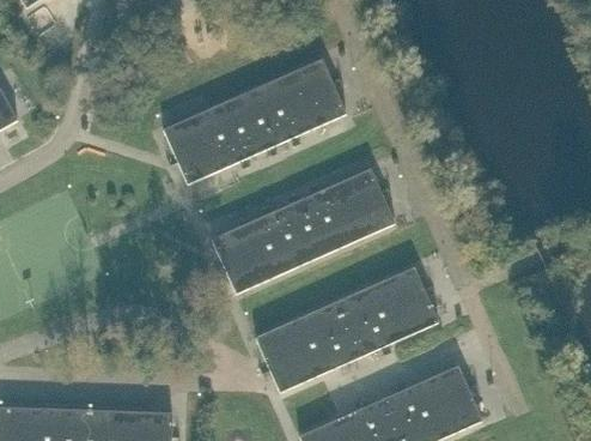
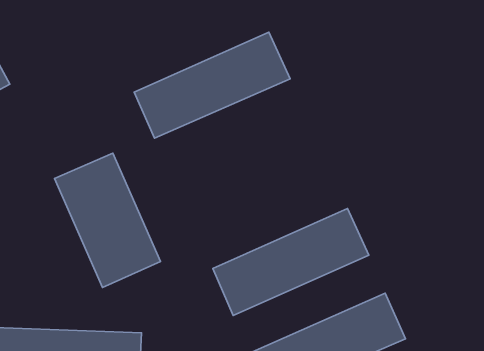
building: [211,168,394,294] -> none
building: none -> [54,153,160,287]

